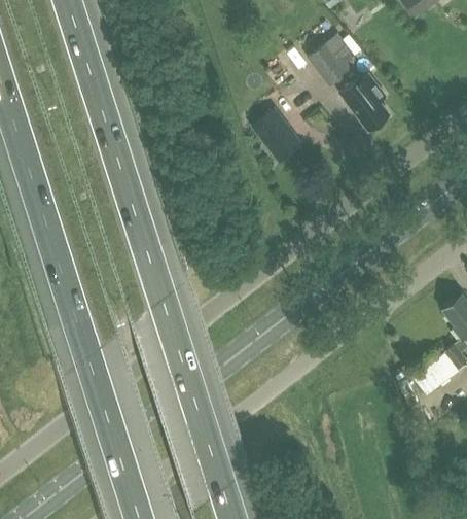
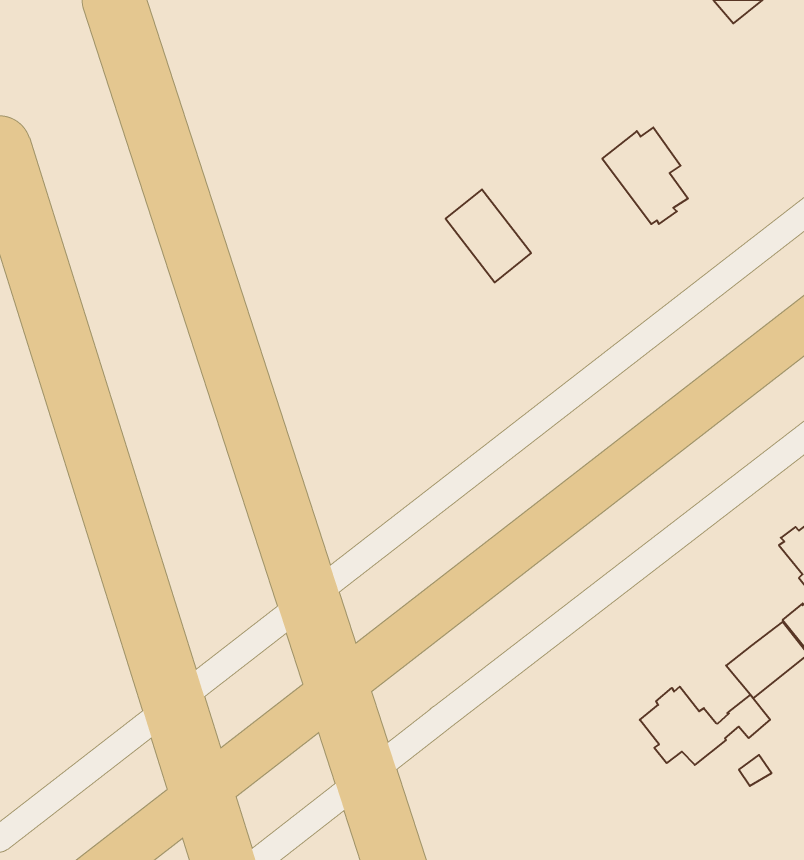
building: [309,33,356,86] -> none
building: none -> [640,687,770,765]

